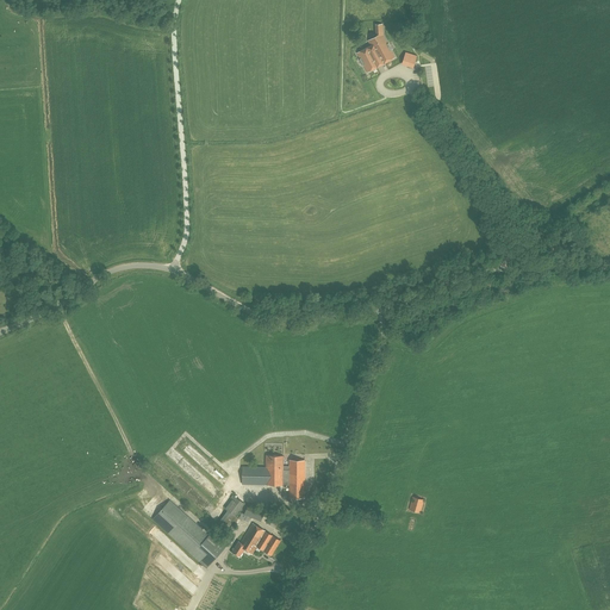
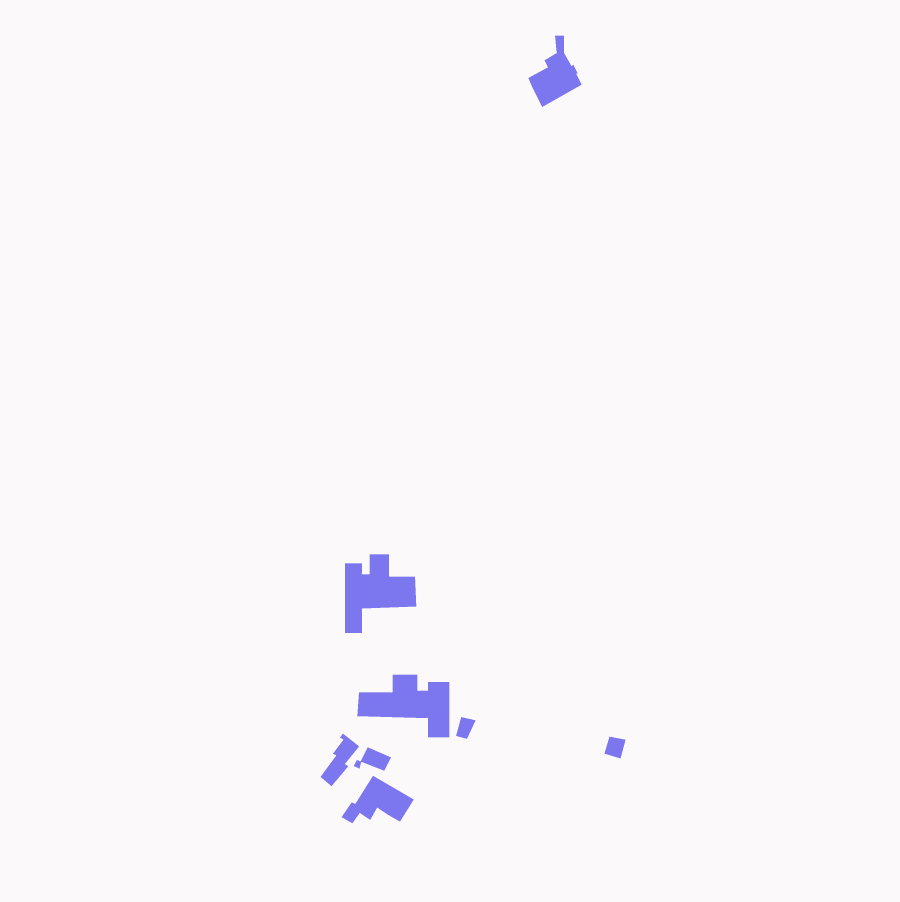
building: none -> [345,553,417,634]
building: [151,500,223,567] -> none

